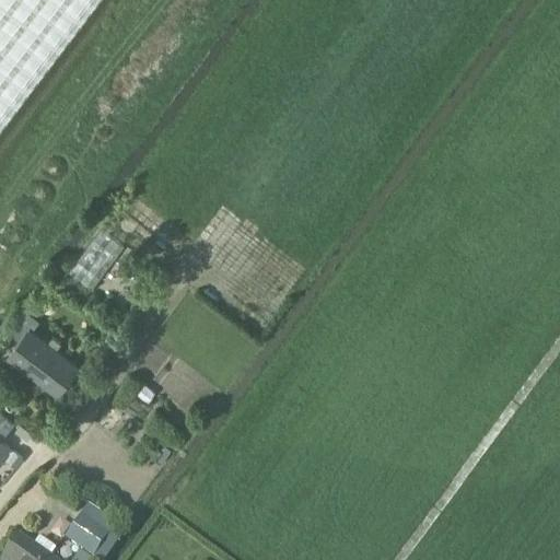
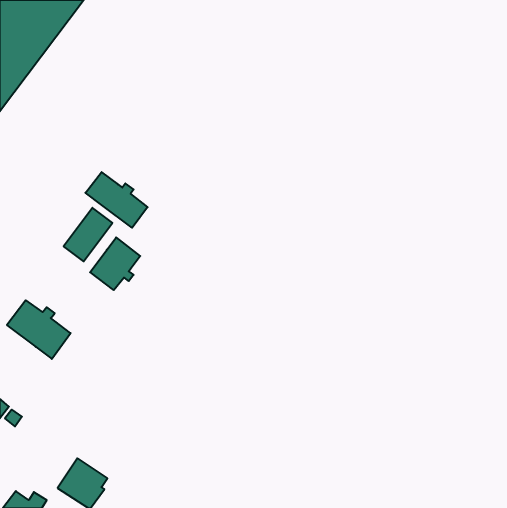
building: none -> [85,172,148,228]
building: none -> [90,237,140,290]

